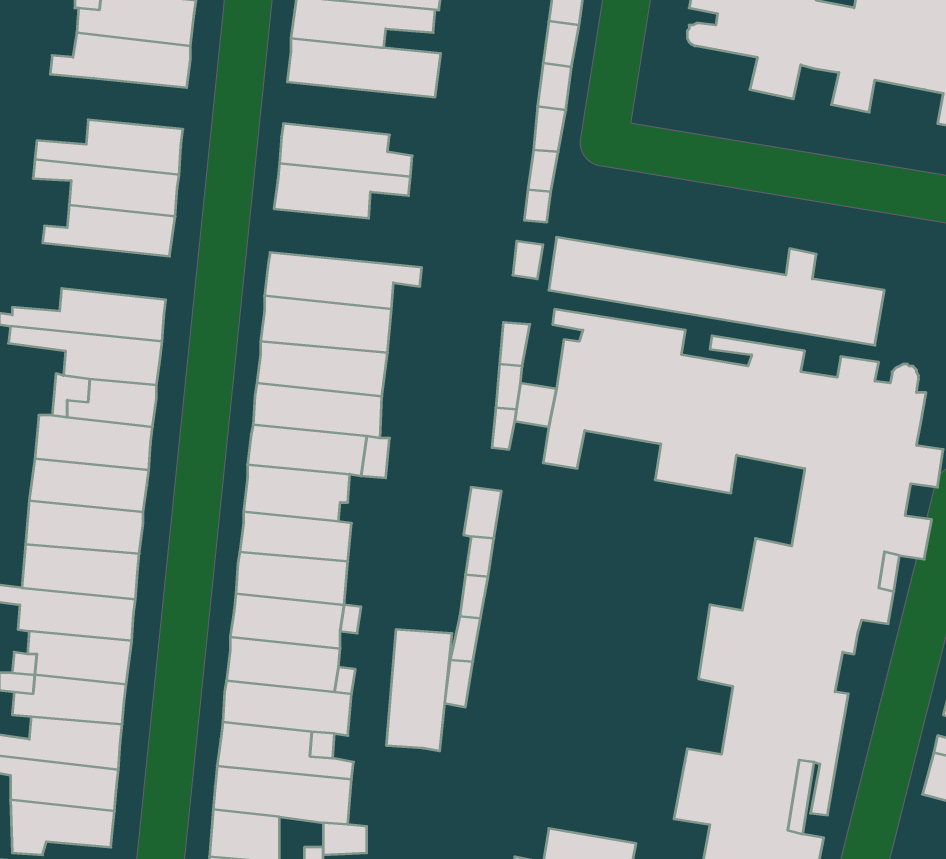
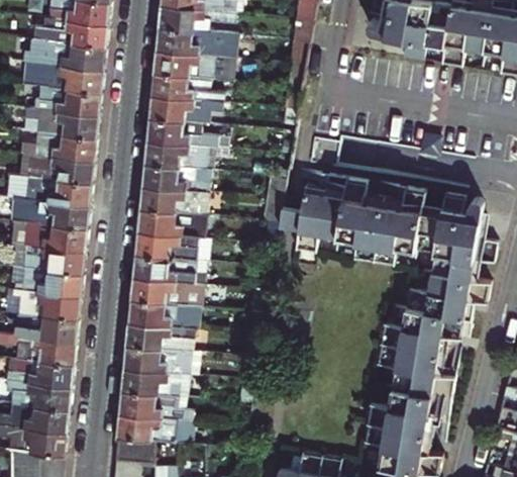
building: none -> [44,47,102,75]
building: none -> [153,50,234,80]
building: none -> [146,117,229,149]
building: none -> [23,135,93,166]
building: [387,629,452,751] -> none

